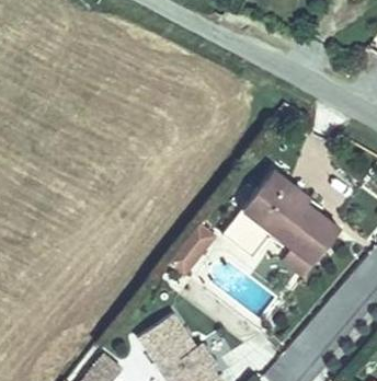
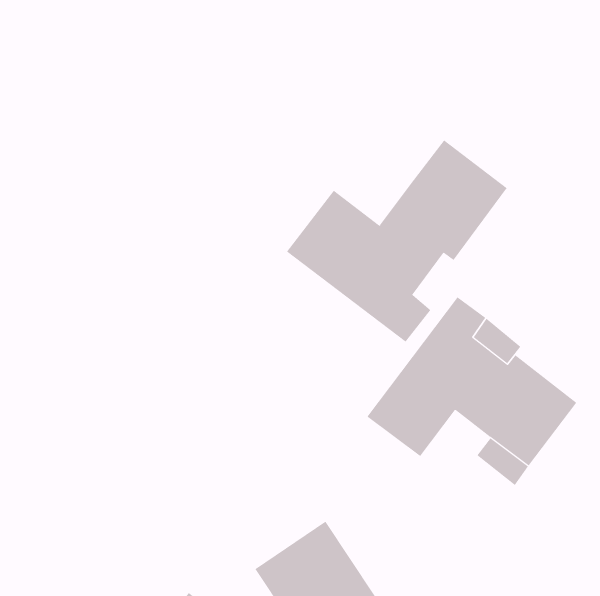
building: none -> [286,140,508,343]

